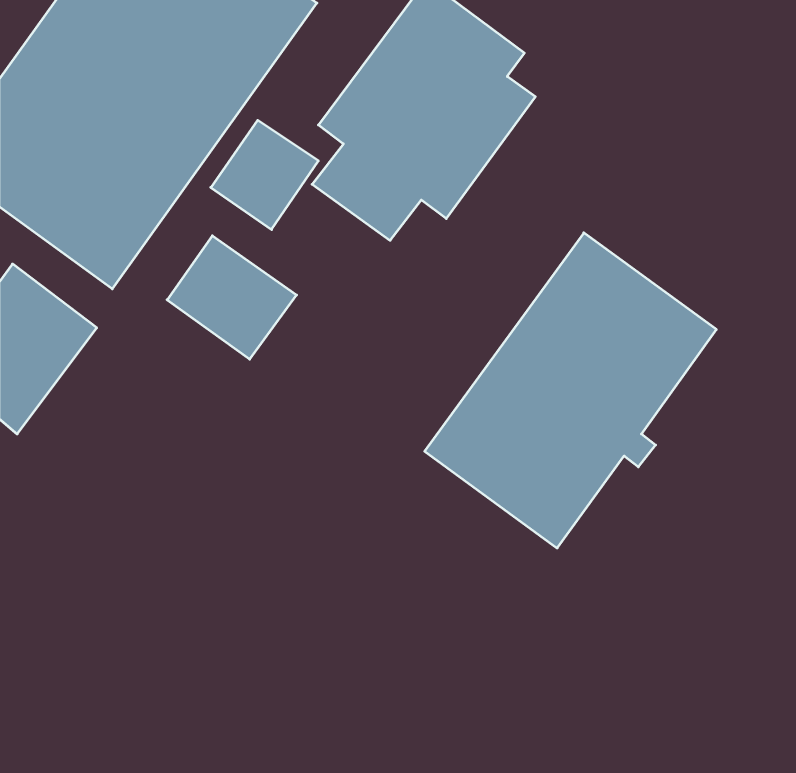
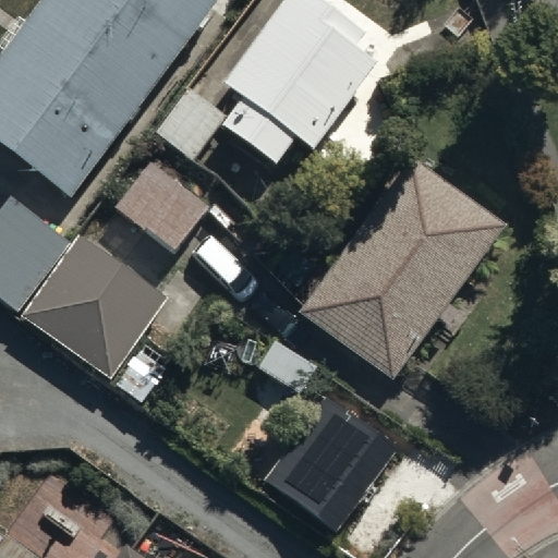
building: none -> [19,233,169,402]
building: none -> [241,396,396,530]

